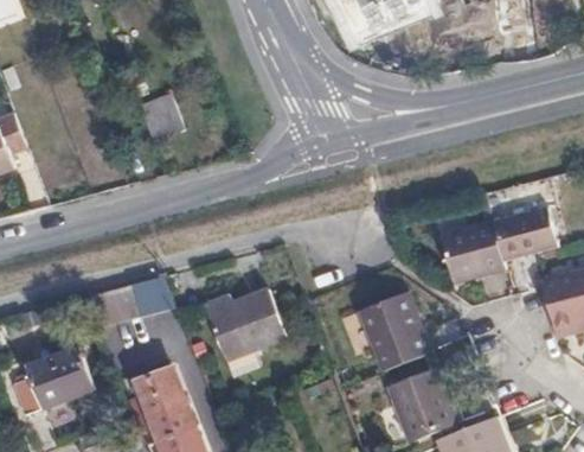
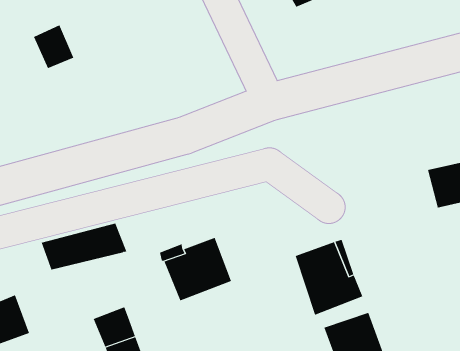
building: [140,101,184,148] -> [33,25,74,69]
building: [443,218,508,280] -> none
building: [54,343,97,394] -> none

